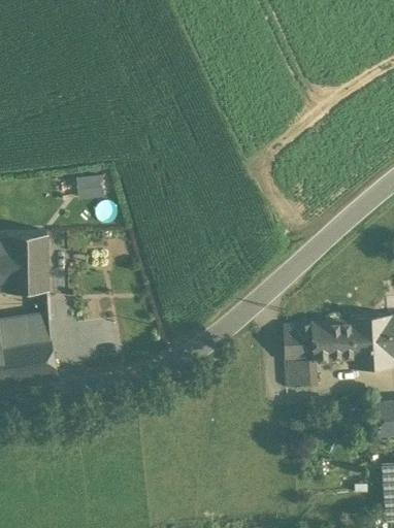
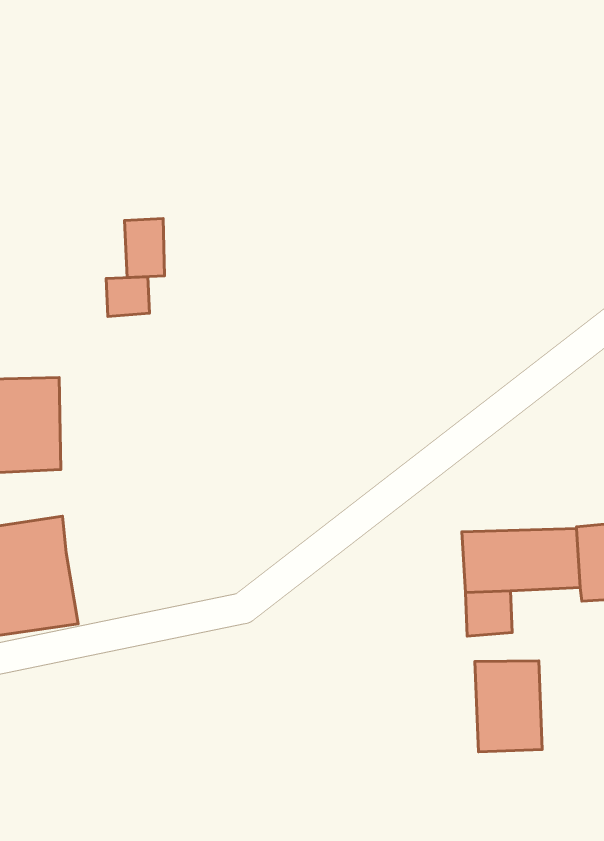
building: none -> [125,219,164,278]
building: none -> [475,661,542,752]

